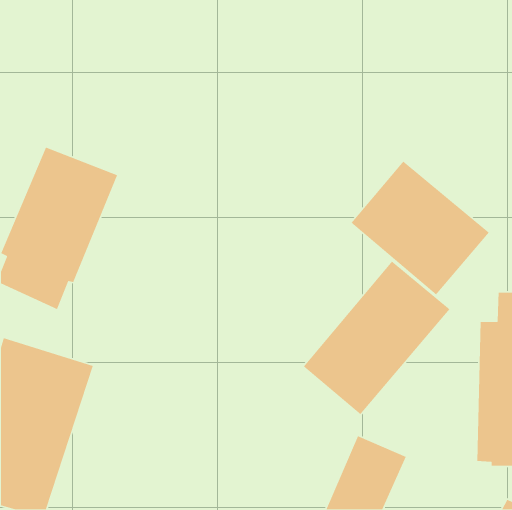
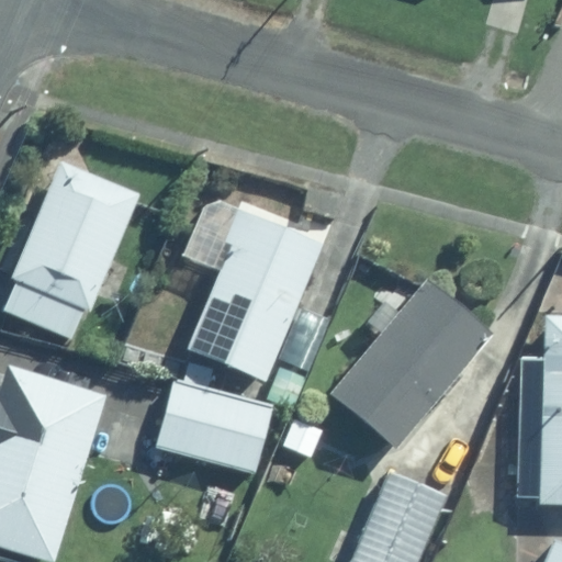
building: [351,160,490,295] -> none
building: none -> [181,209,316,380]
building: none -> [154,364,276,474]

